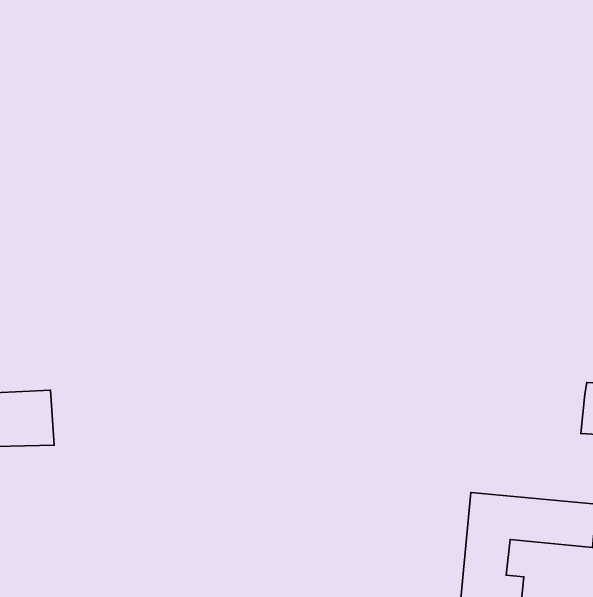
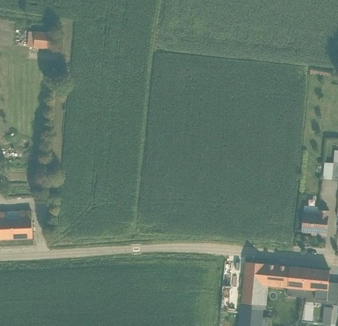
building: none -> [27,32,54,50]

